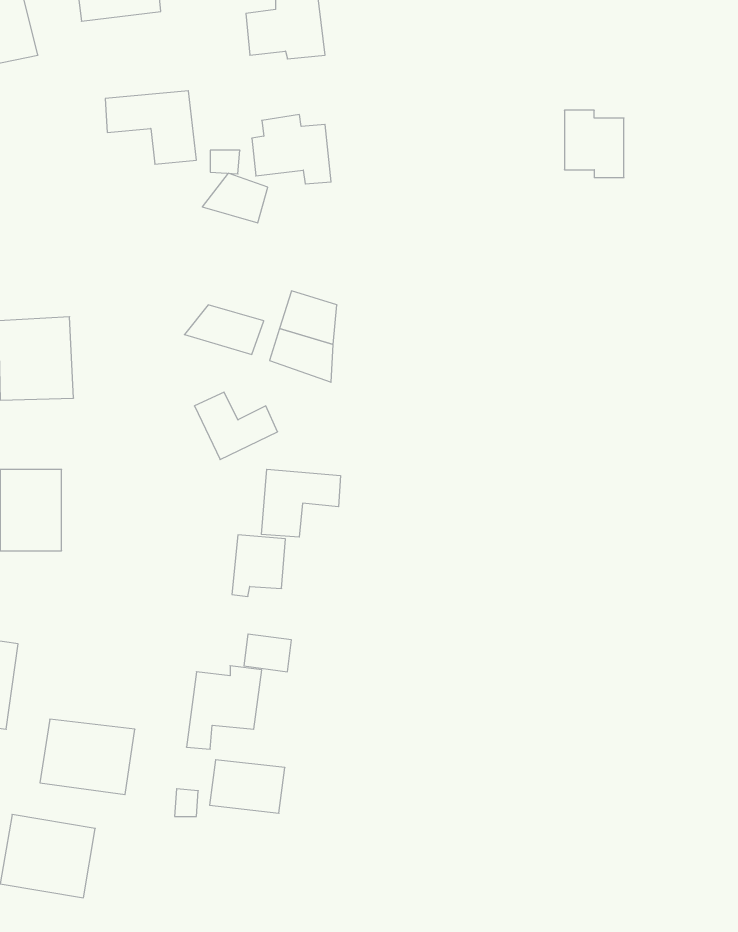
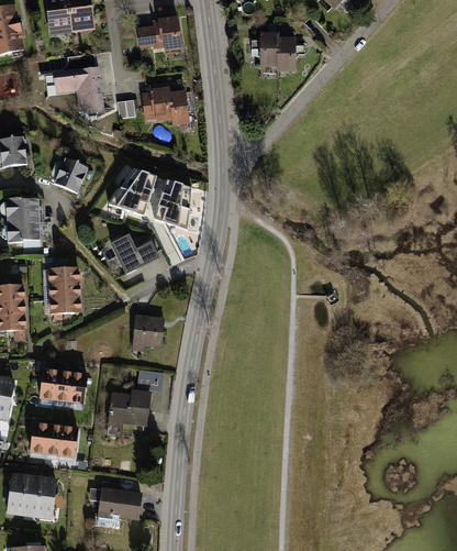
building: [564,110,624,178] -> [260,32,293,69]
building: [202,173,268,223] -> [119,170,155,198]
building: none -> [8,136,31,164]
building: none -> [53,157,87,195]
building: none -> [47,268,77,313]
building: [261,469,340,537] -> none
building: none -> [37,368,85,409]
building: [210,760,285,813] -> [98,488,140,518]

